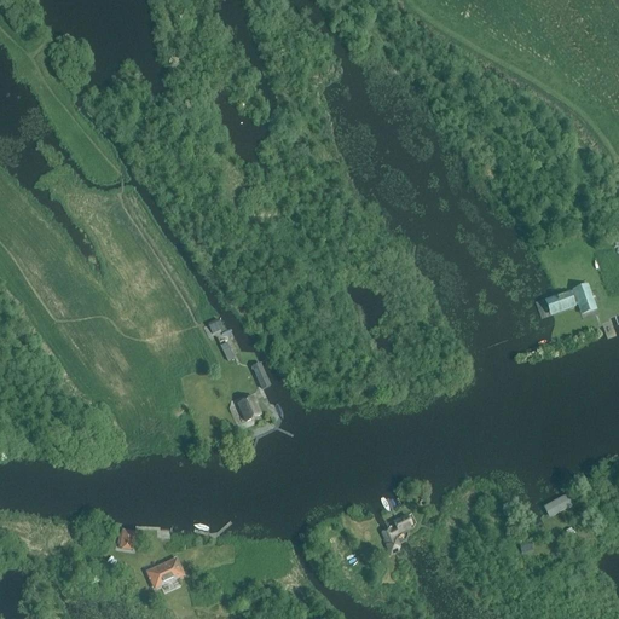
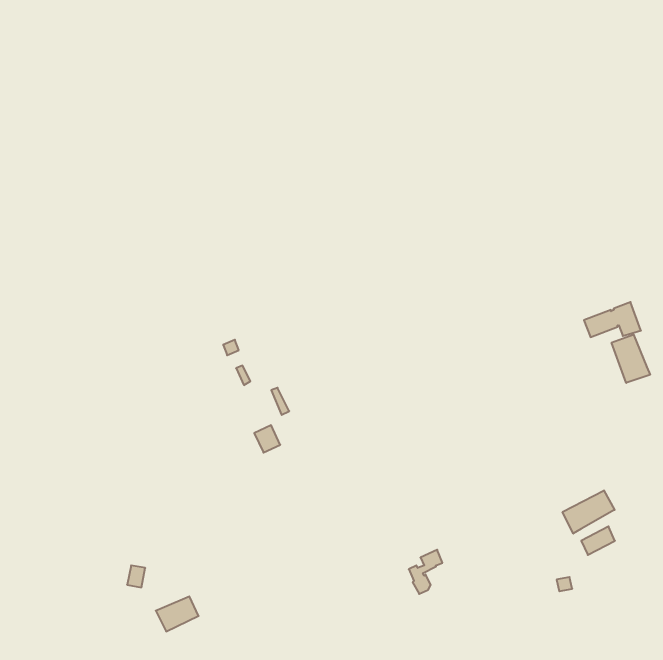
building: none -> [612,334,650,383]
building: none -> [563,490,615,534]

